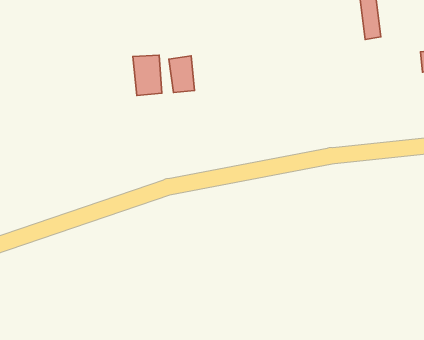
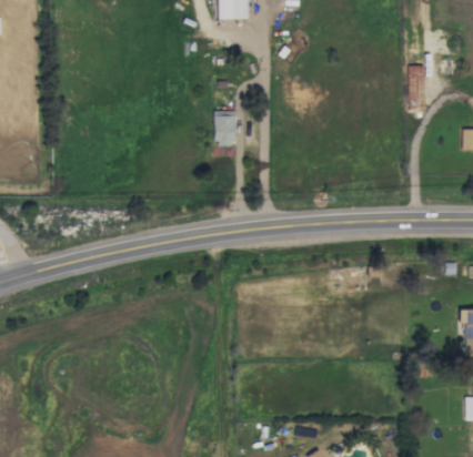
building: [133,55,162,96] -> none

